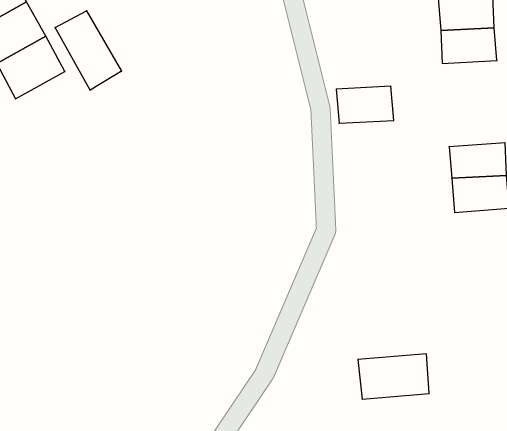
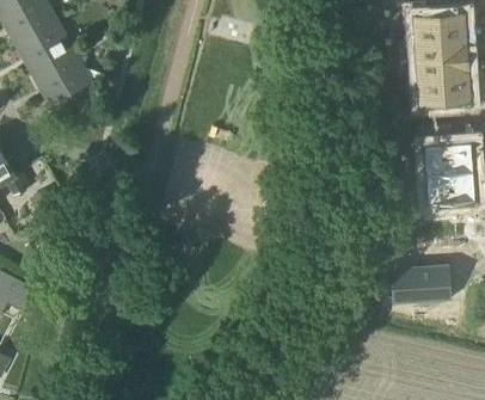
building: [55,11,122,90] -> none
building: [336,86,394,123] -> [420,72,471,104]
building: [358,354,429,399] -> [394,267,456,307]

